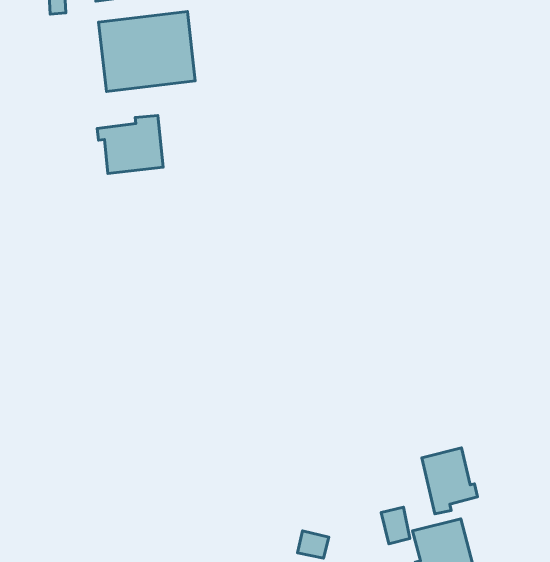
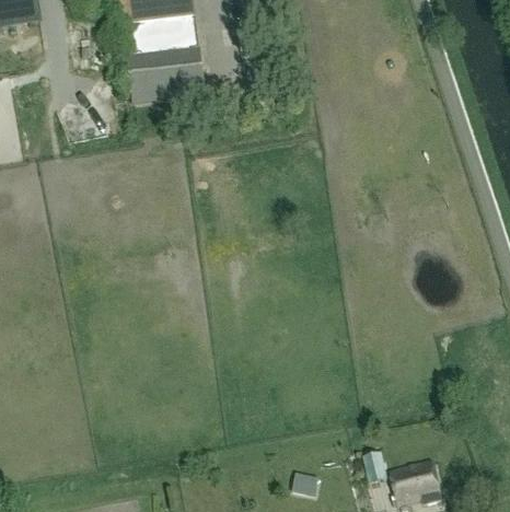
building: [97,115,163,174] -> none
building: [422,448,478,514] -> none

